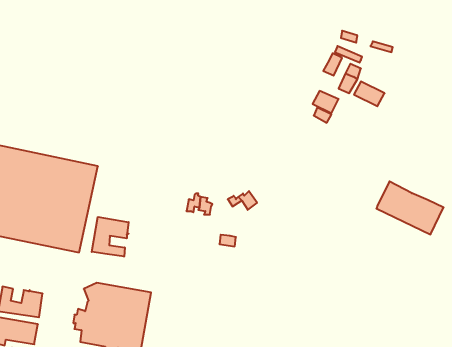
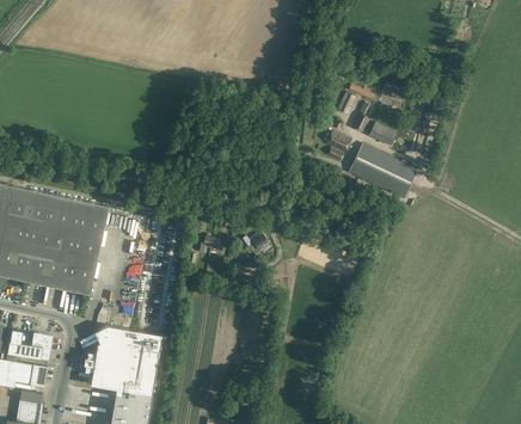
building: [376,181,444,234] -> [349,143,417,197]
building: [92,217,129,257] -> none

